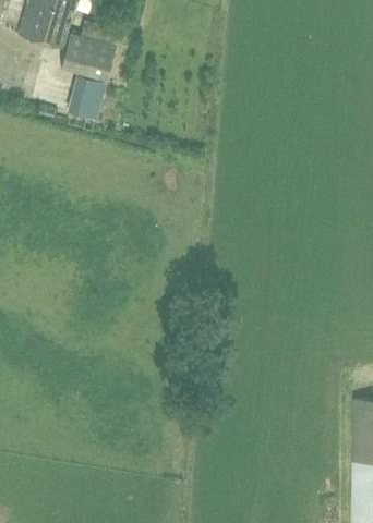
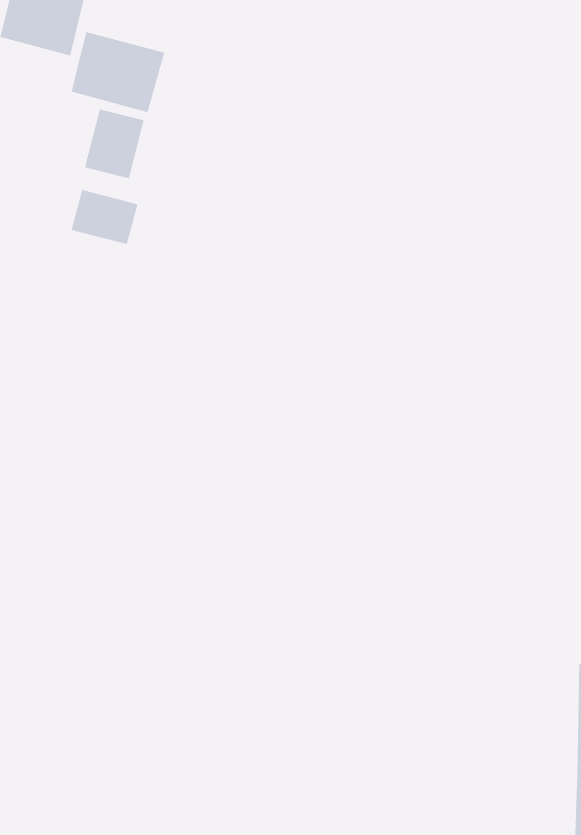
building: none -> [71,189,138,245]

